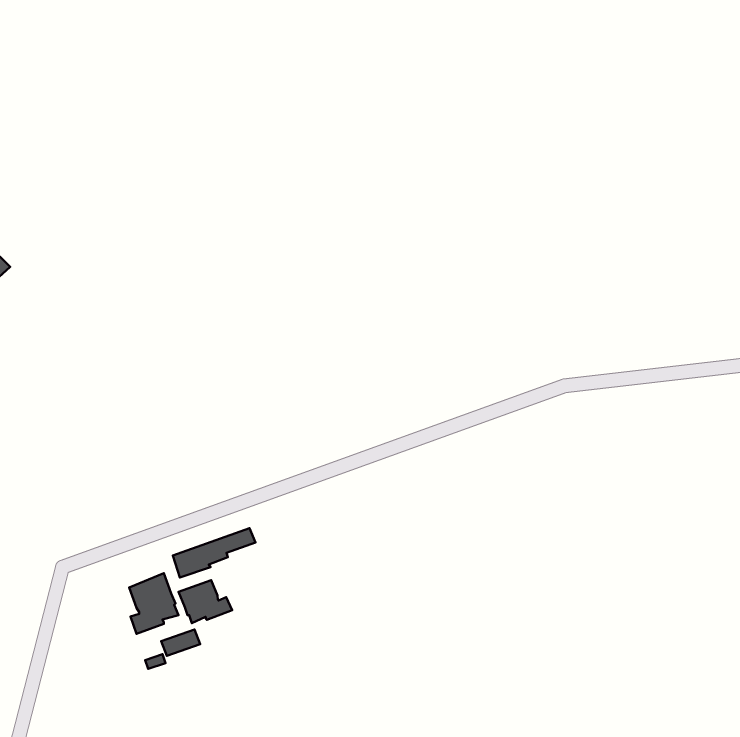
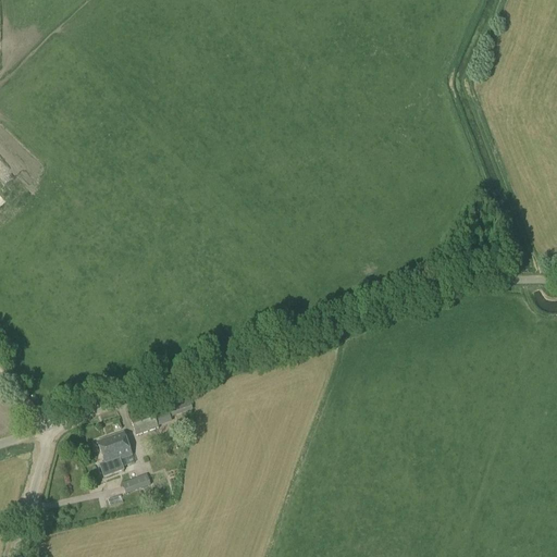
building: [178,580,232,623] -> none

